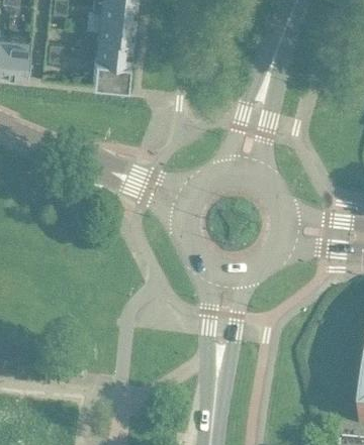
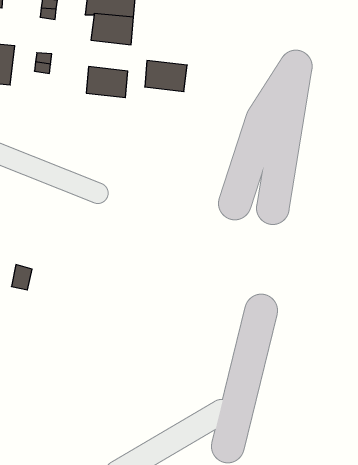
building: [94,39,131,67] -> [145,61,187,92]

